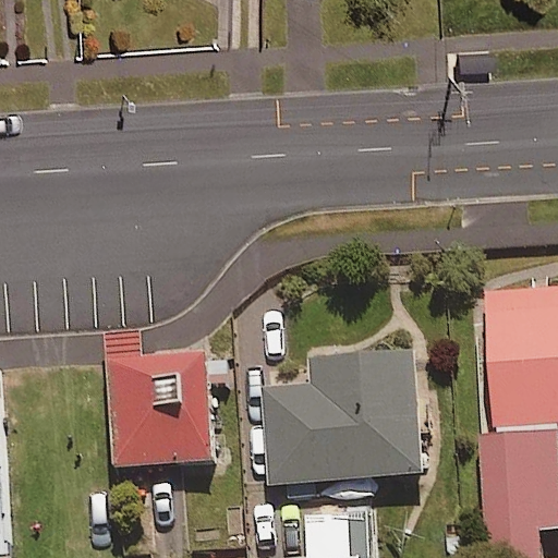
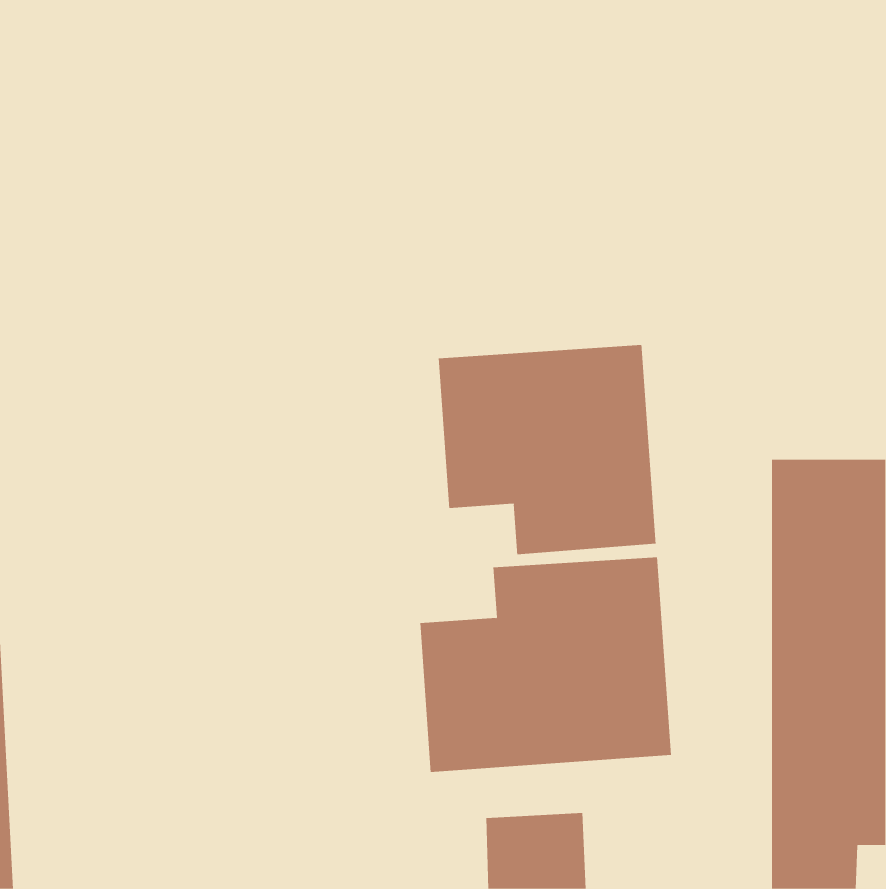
building: none -> [438,344,656,555]
building: [109,350,228,466] -> none

